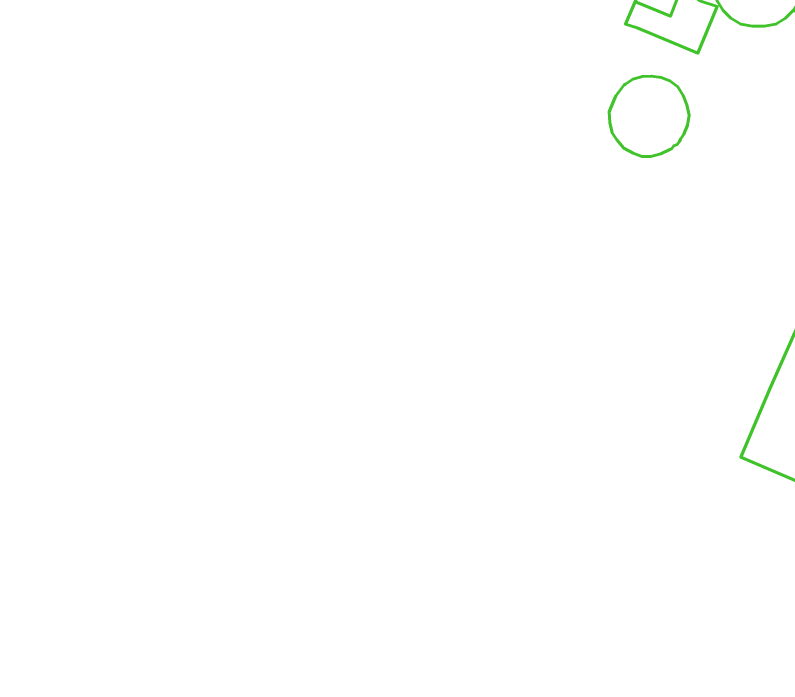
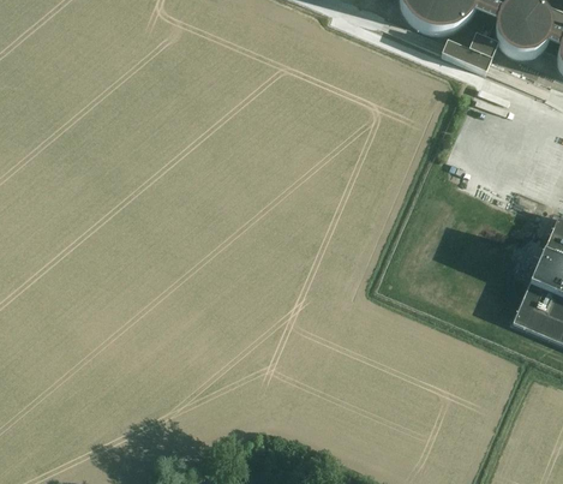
building: [609,76,689,157] -> none

